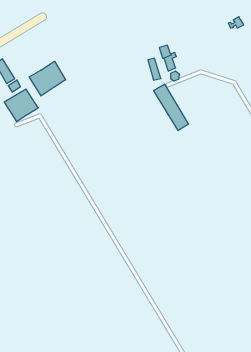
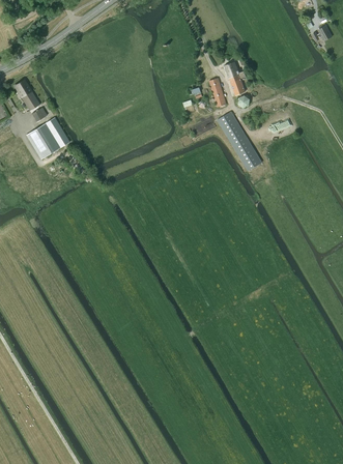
building: [29,61,66,96] -> none

